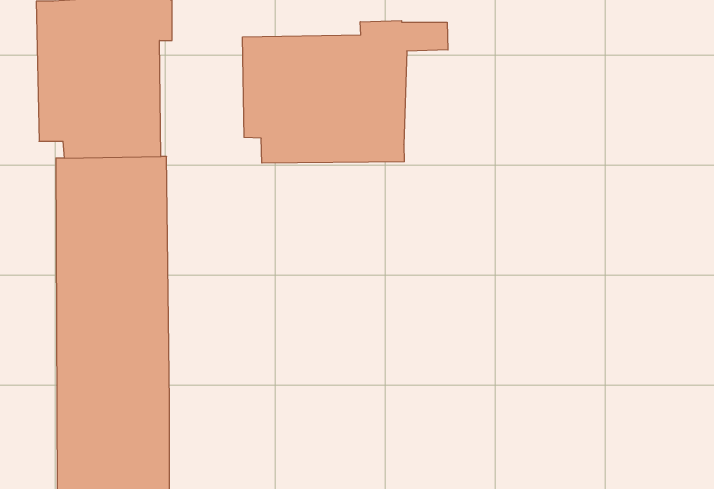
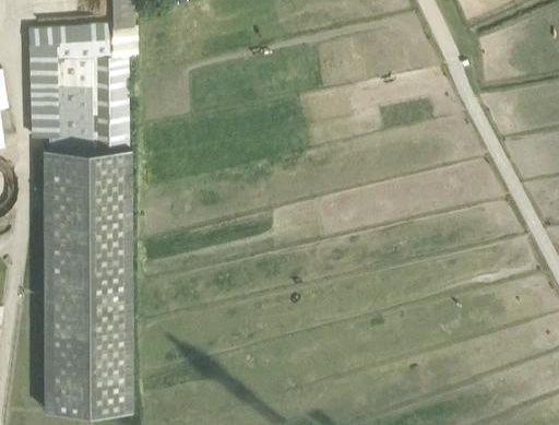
building: [243,21,448,163] -> none

